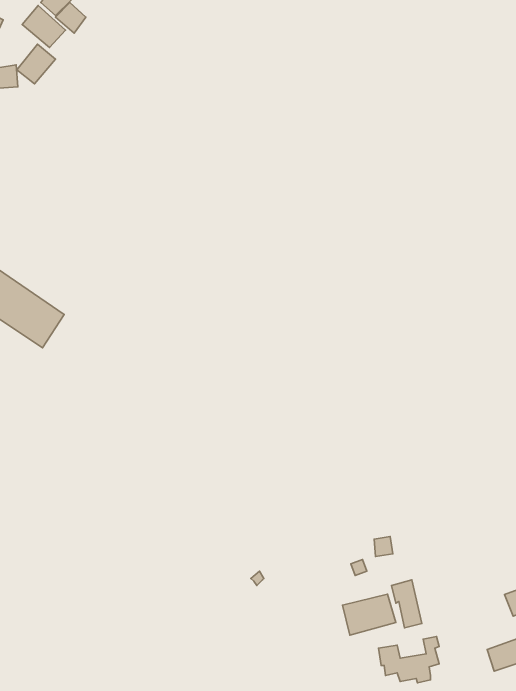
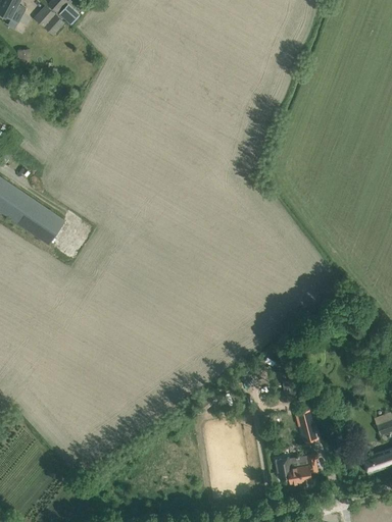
building: [17,44,56,84] -> none
building: [342,594,396,635] -> none

